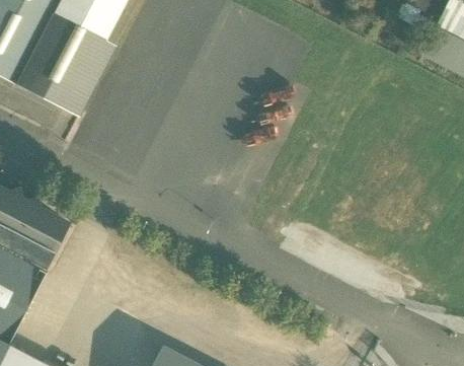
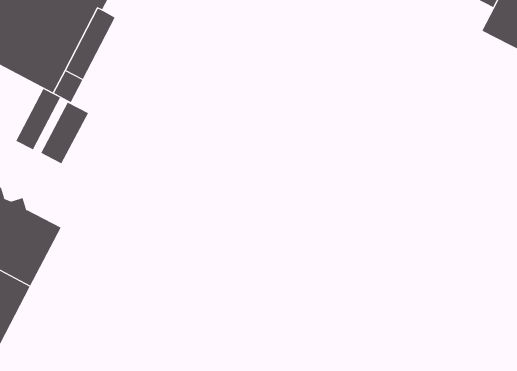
building: none -> [16,88,61,150]
building: none -> [41,102,89,164]

